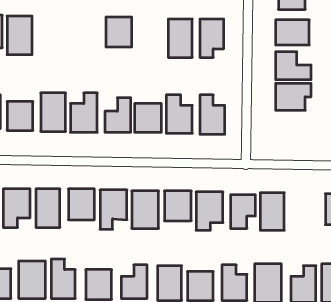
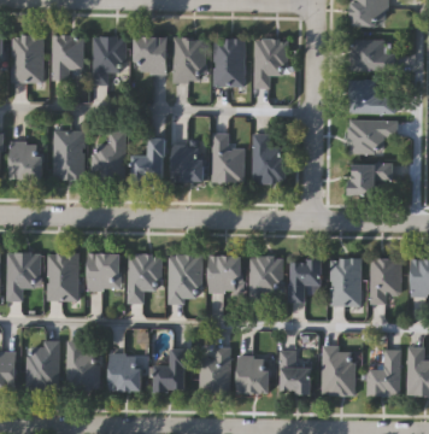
building: none -> [52,36,82,81]
building: none -> [92,37,127,86]
building: none -> [174,39,206,83]
building: none -> [352,163,390,195]
building: none -> [369,257,400,303]

